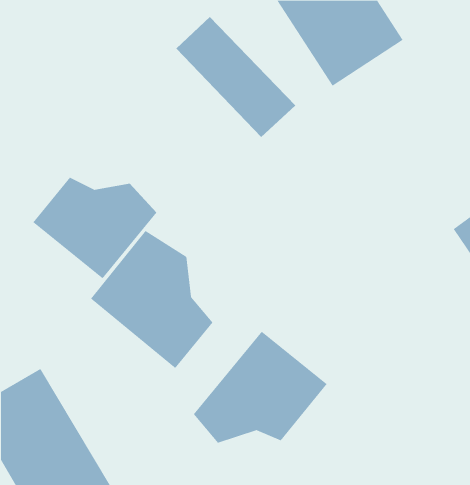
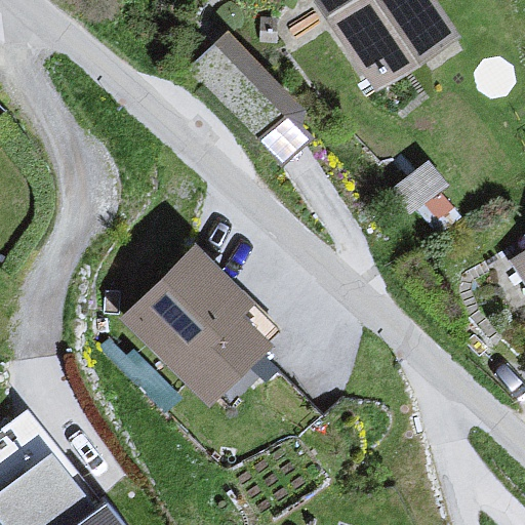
building: [33,177,157,279] -> none
building: [193,331,328,443] -> none

